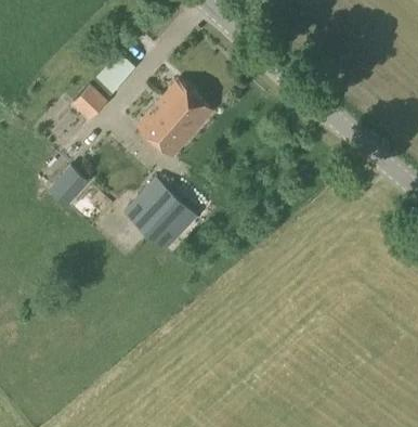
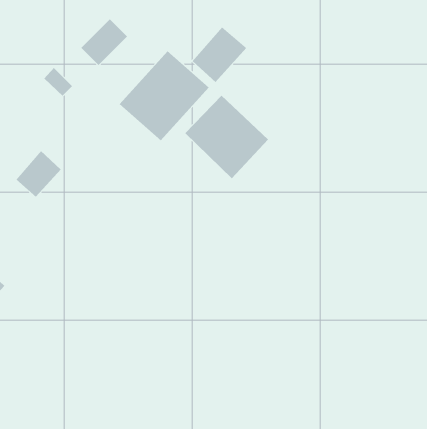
building: none -> [192,27,247,83]
building: [125,178,196,249] -> [185,95,269,179]

